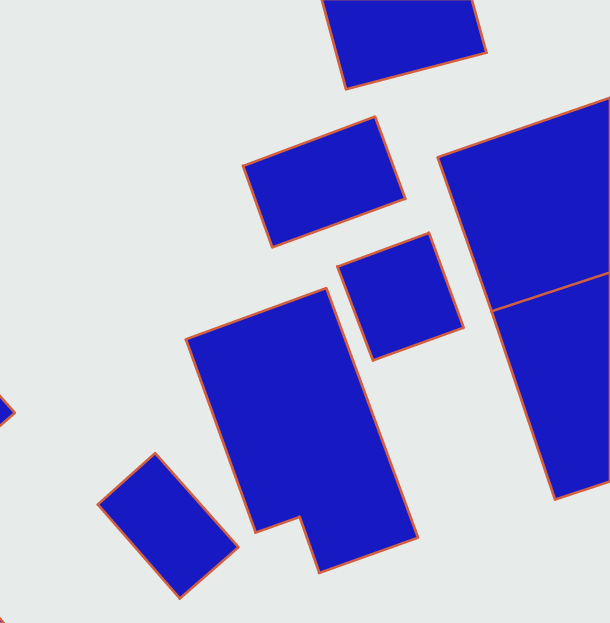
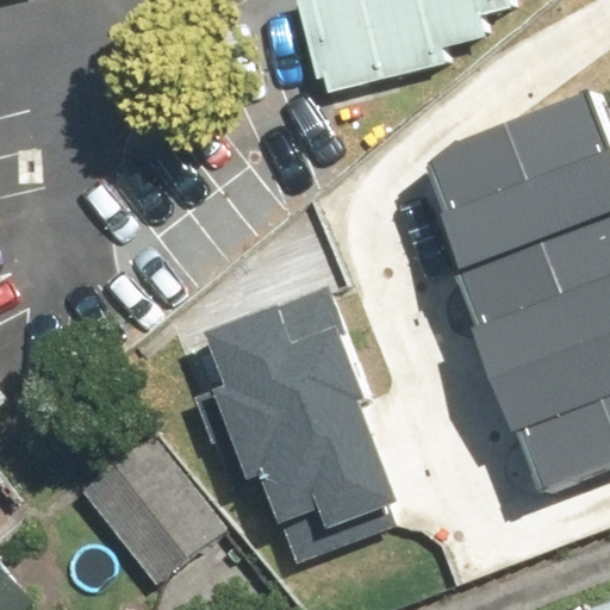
building: [243,117,405,247] -> none
building: [337,233,463,361] -> none

